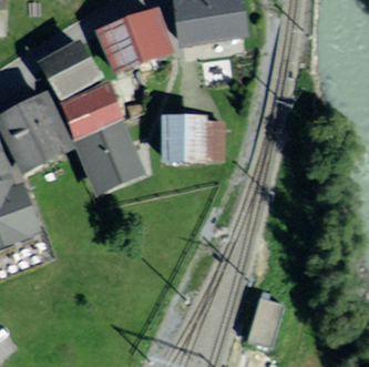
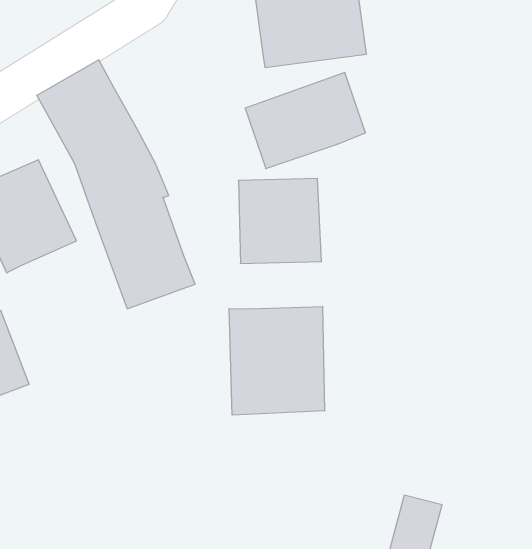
building: [99,14,170,71] -> [245,72,366,169]
building: none -> [229,306,325,415]

